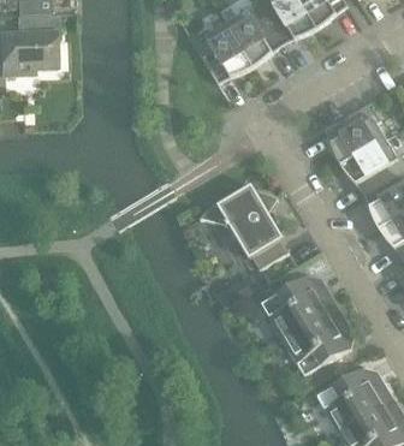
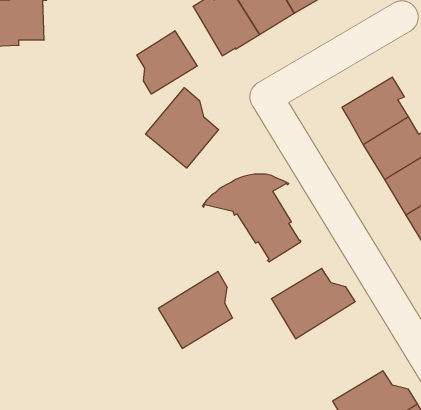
building: none -> [137,31,197,94]
building: none -> [146,88,219,168]
building: [284,305,351,375] -> [158,271,233,348]

